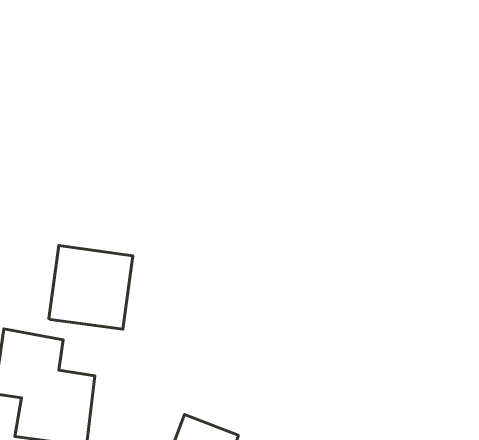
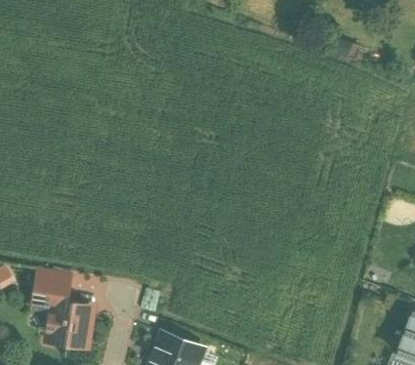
building: [49,245,133,329] -> none

